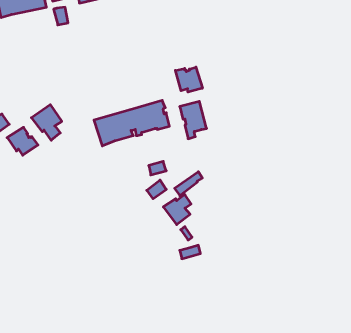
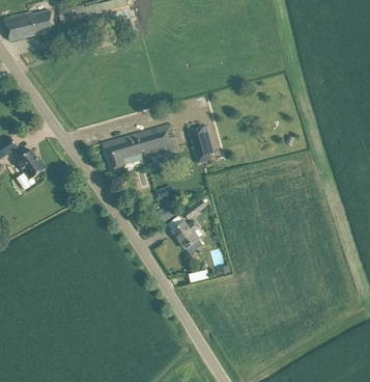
building: [175,67,202,92] -> none
building: [31,105,62,140] -> none

